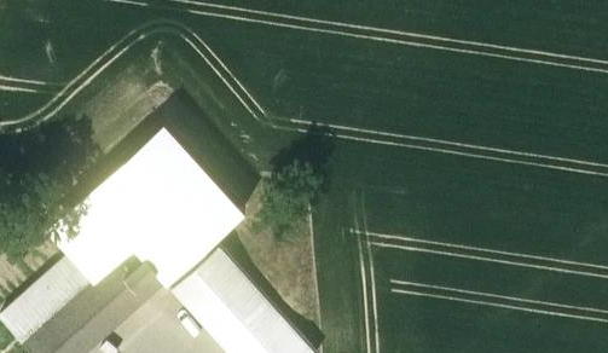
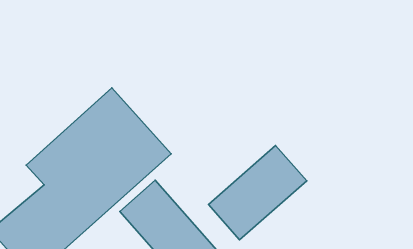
building: none -> [208,145,307,240]

